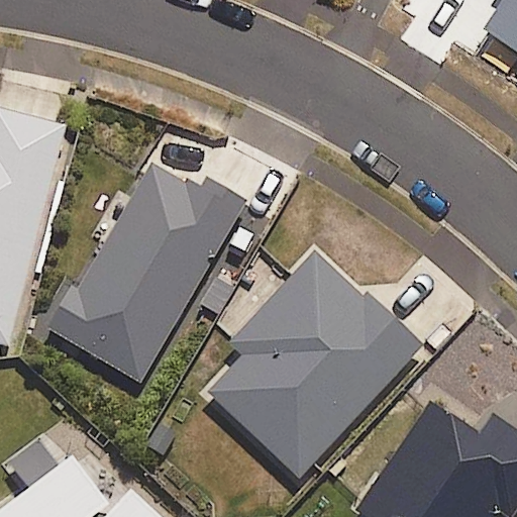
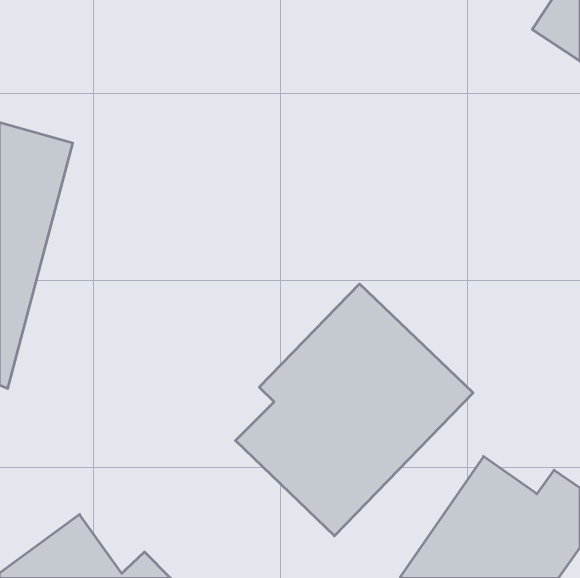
building: [51,163,244,382] -> none

